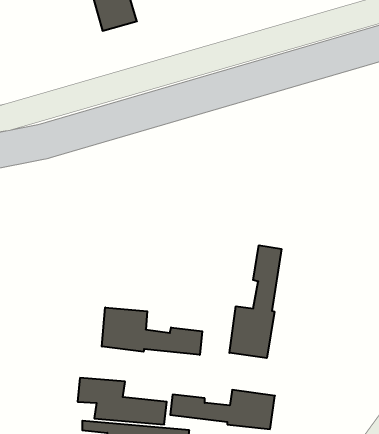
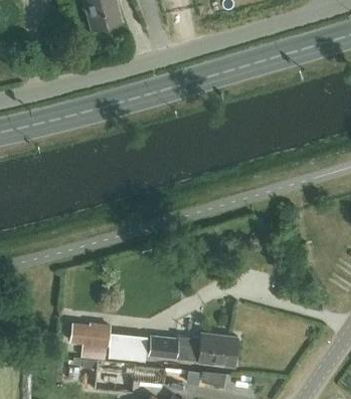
building: [229,245,281,358] -> none
building: [102,307,202,355] -> none

